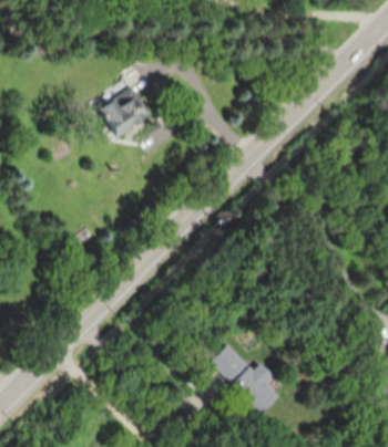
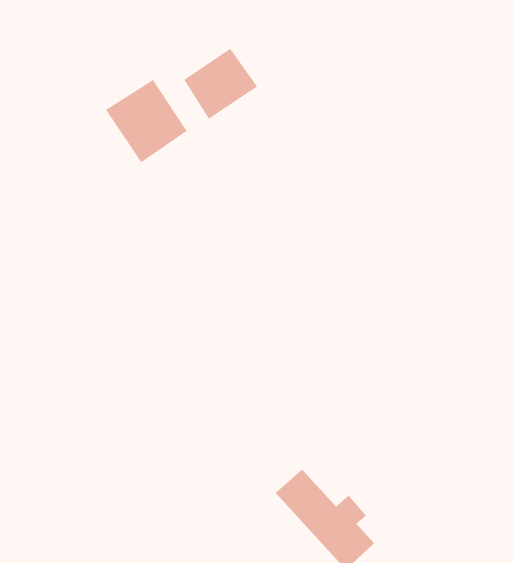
building: none -> [183,48,258,120]

